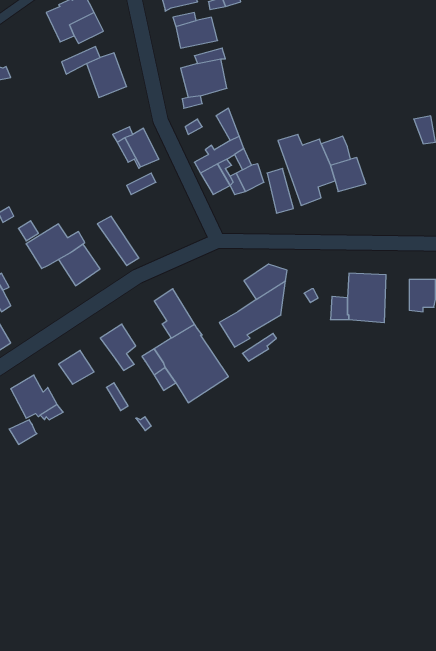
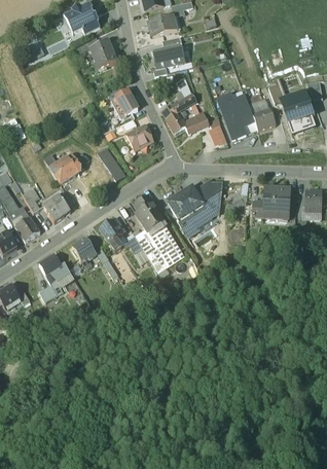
building: none -> [282,95,316,134]
building: none -> [126,125,153,150]
building: [58,244,100,286] -> [42,194,70,222]
building: none -> [168,188,203,219]

